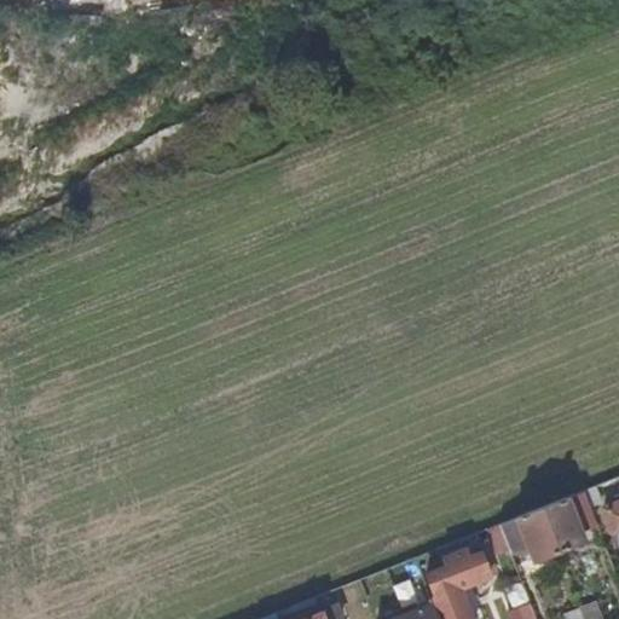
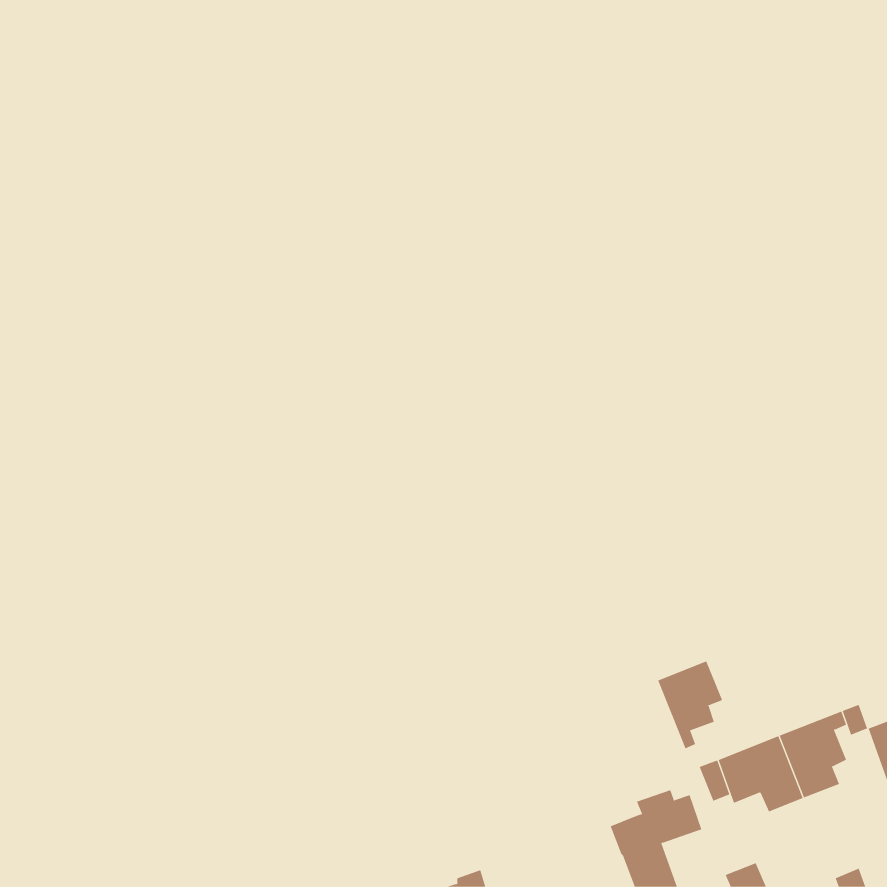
building: none -> [657,660,723,749]

